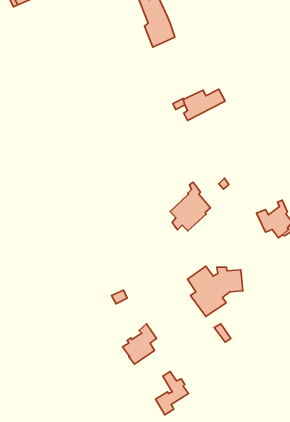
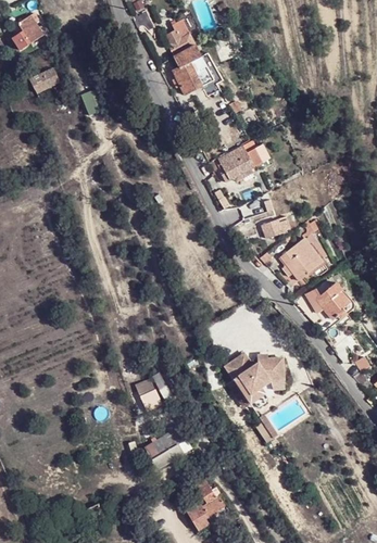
building: none -> [29,64,62,89]
building: none -> [262,212,296,237]
building: [170,182,211,231] -> [279,219,327,277]

